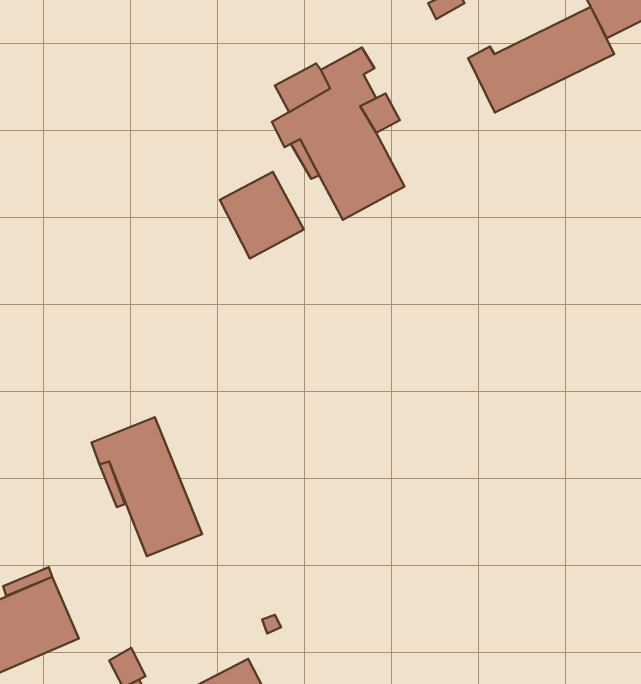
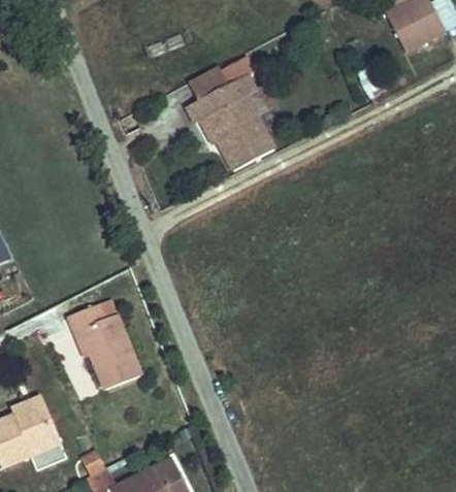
building: [468,7,614,112] -> none
building: [220,172,304,258] -> none

